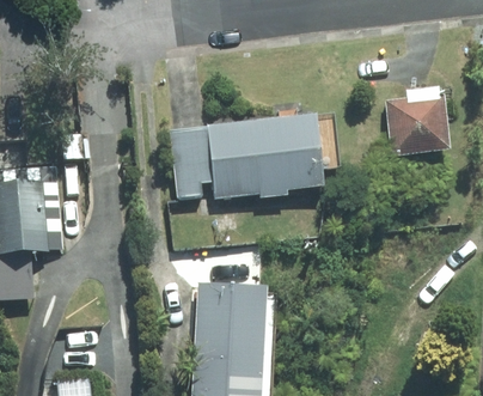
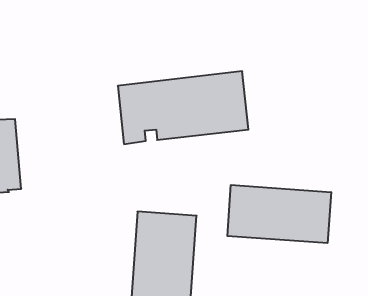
building: [387,93,453,159] -> none
building: none -> [227,185,331,243]

